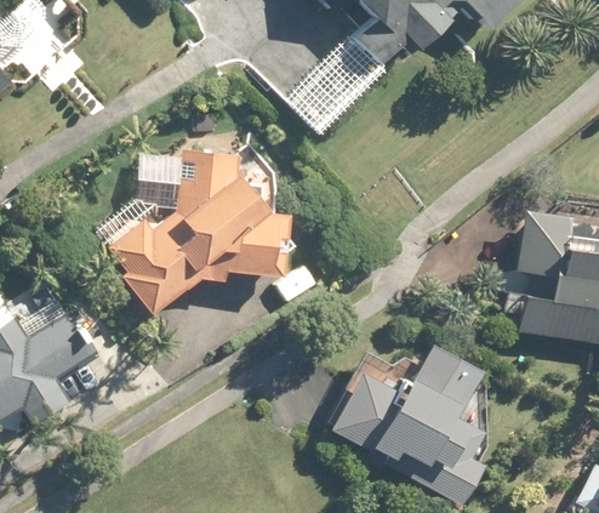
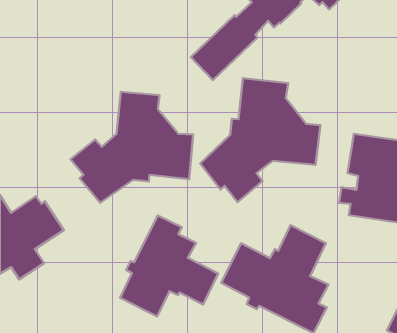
building: none -> [200,78,320,202]
building: none -> [120,215,218,316]

